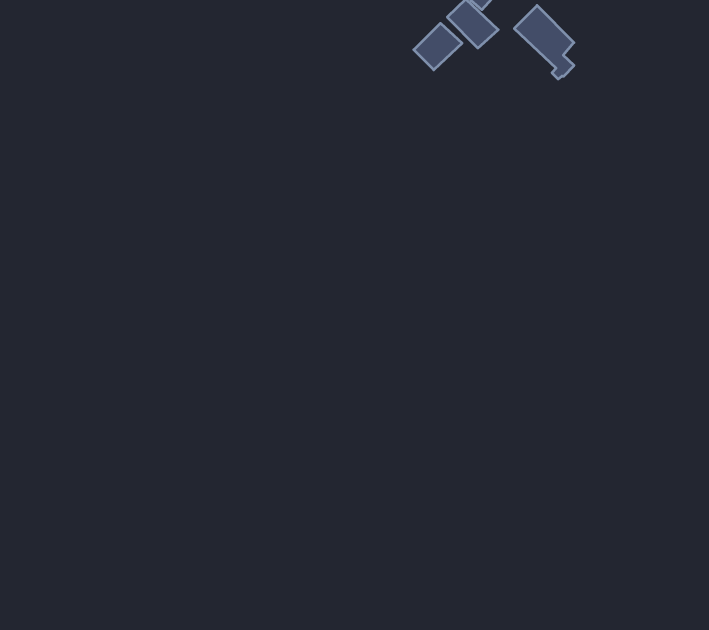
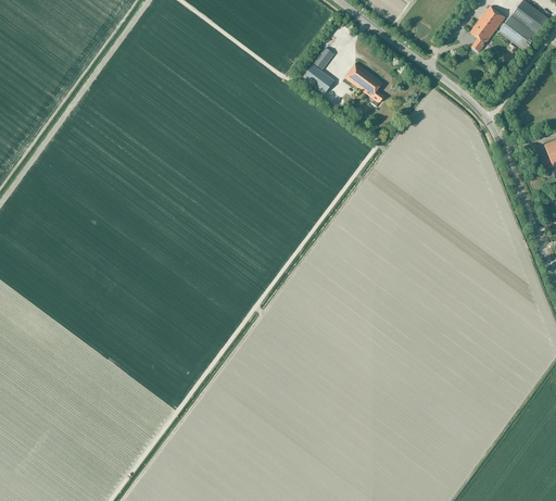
building: [414,23,462,70] -> none

